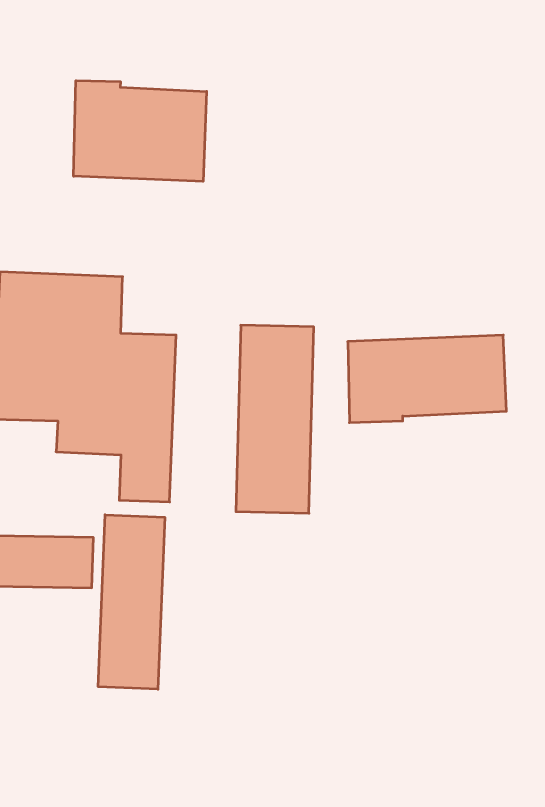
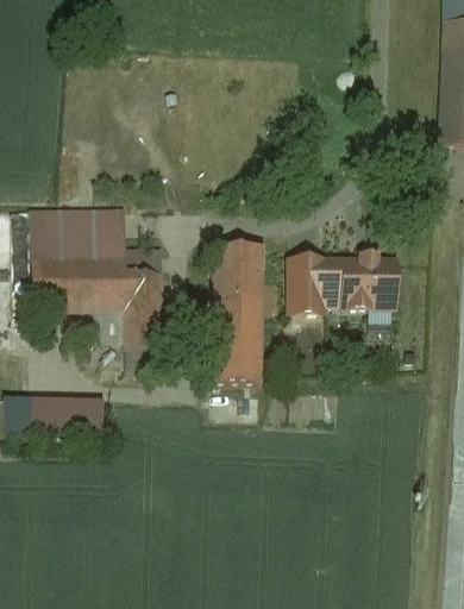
building: [74,81,207,181] -> none
building: [98,515,165,689] -> none

